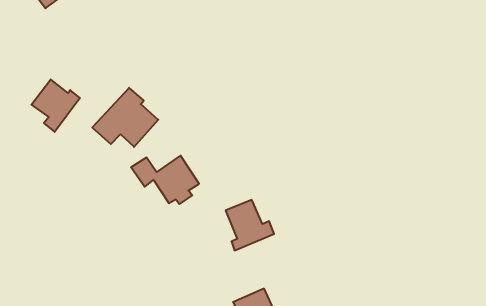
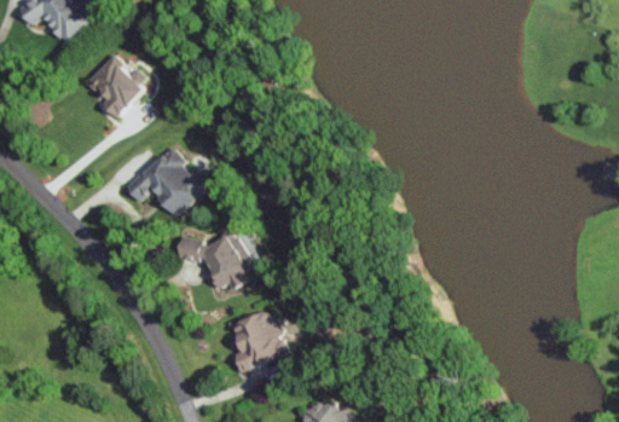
building: [31,79,80,132] -> [87,53,147,118]
building: [226,200,274,250] -> [228,310,289,372]

